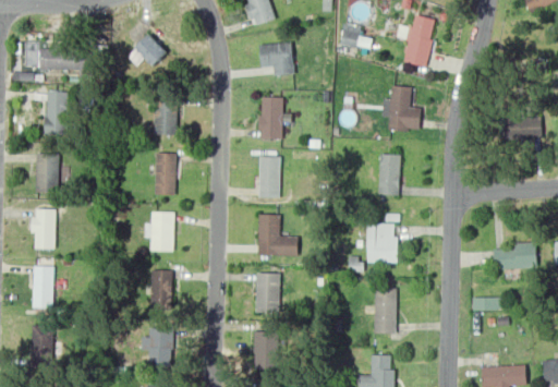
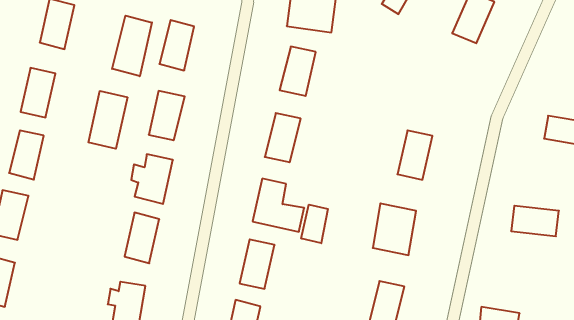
building: [389,88,422,131] -> none
building: none -> [112,16,152,76]
building: none -> [88,91,127,149]
building: none -> [301,205,328,243]
building: [498,243,539,268] -> [511,206,559,236]

